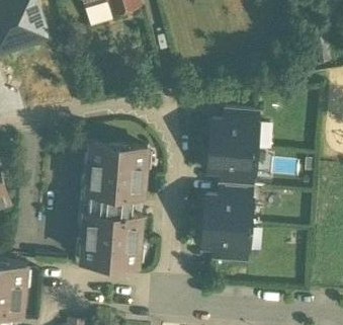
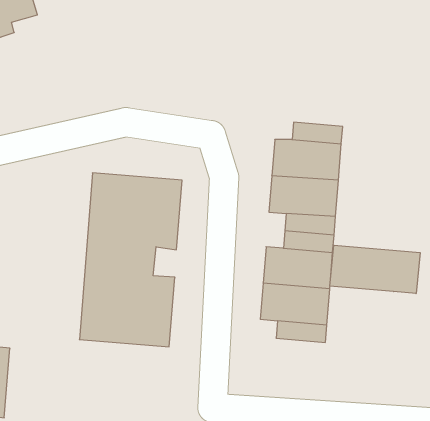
building: none -> [330,245,420,294]

